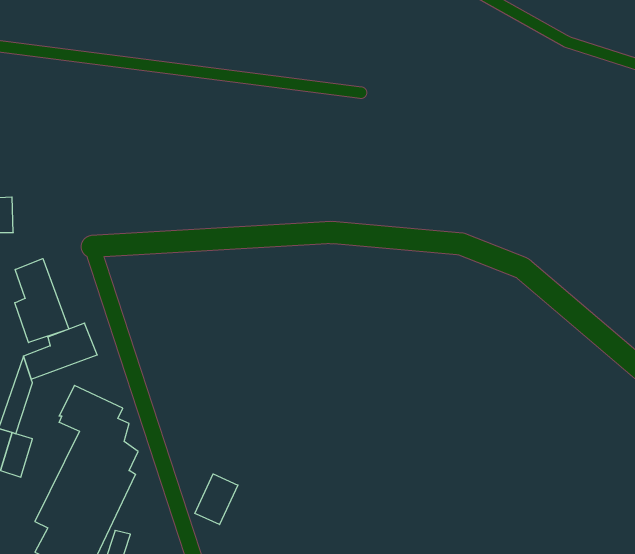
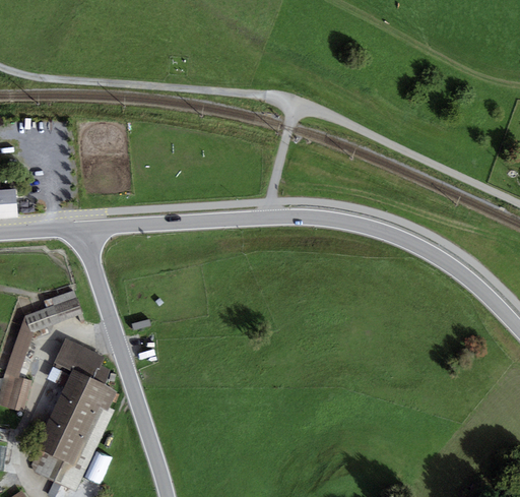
building: [15,259,69,343] -> none
building: [195,474,238,525] -> none

